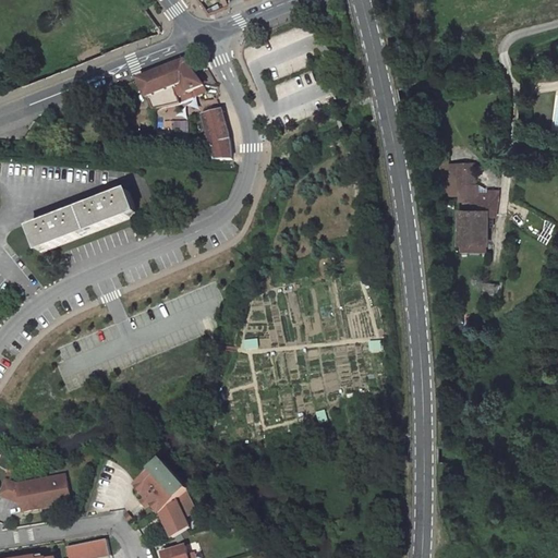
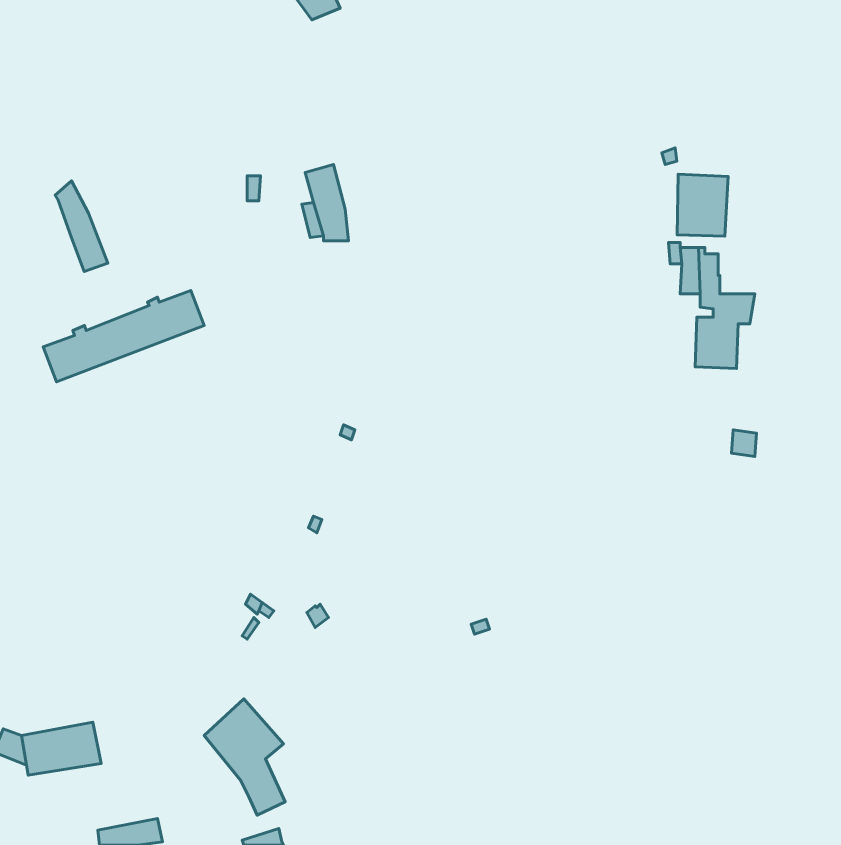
building: [136,60,202,108] -> none
building: none -> [677,174,728,236]
building: none -> [55,181,108,271]

